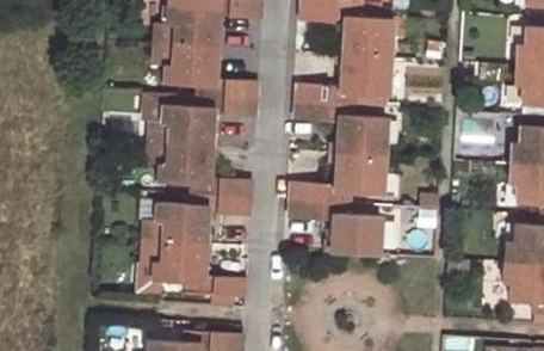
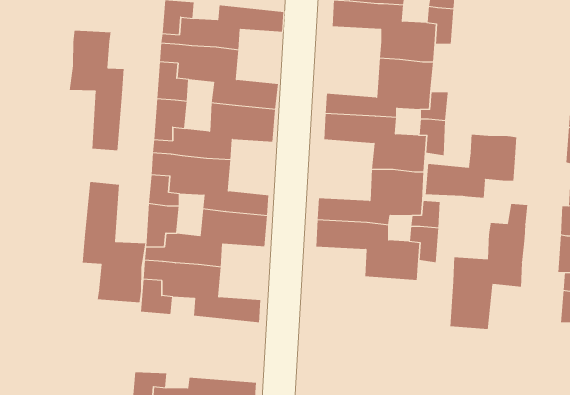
building: none -> [69,30,124,151]
building: none -> [425,134,517,198]
building: none -> [82,181,146,303]
building: none -> [450,203,528,330]

